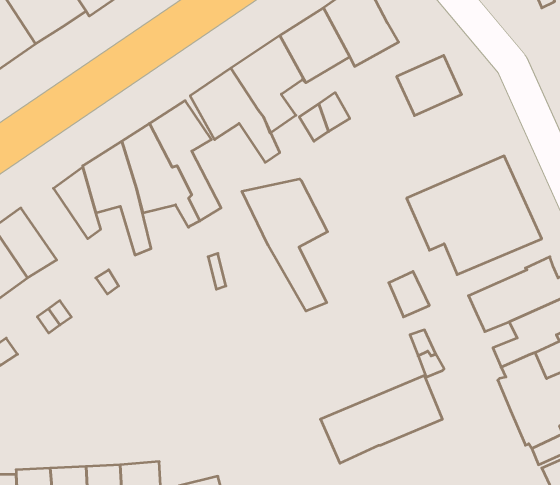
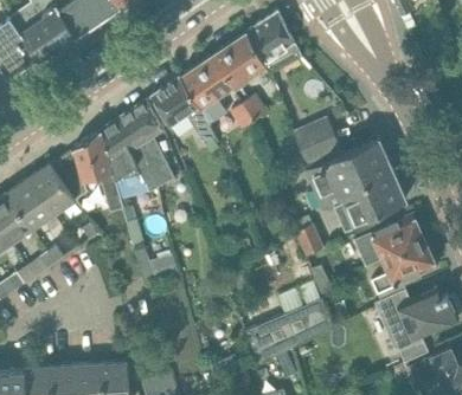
building: [397,55,462,116] -> [294,119,341,163]
building: [242,179,328,311] -> none
building: none -> [27,162,76,215]

